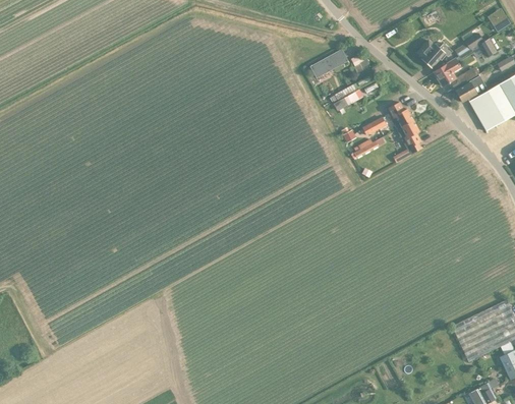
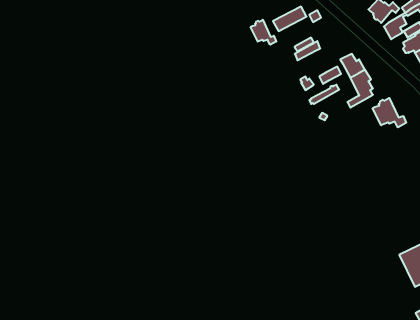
building: none -> [251,20,276,45]
building: none -> [373,98,406,127]

